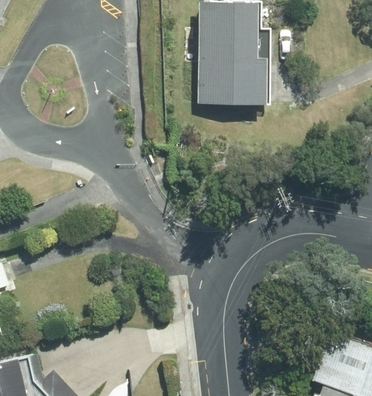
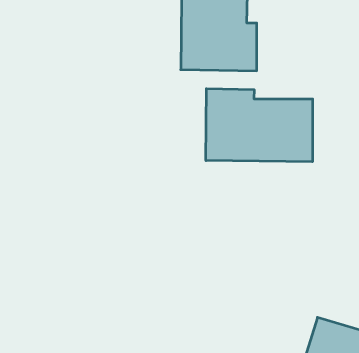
building: none -> [206,89,313,162]

